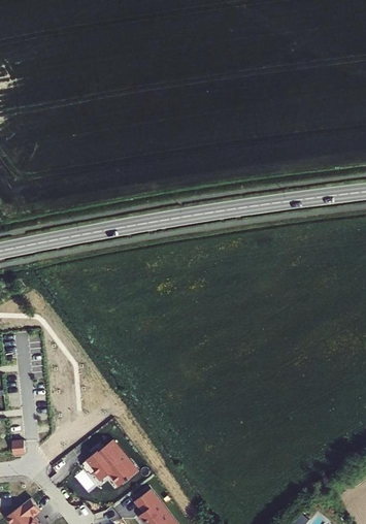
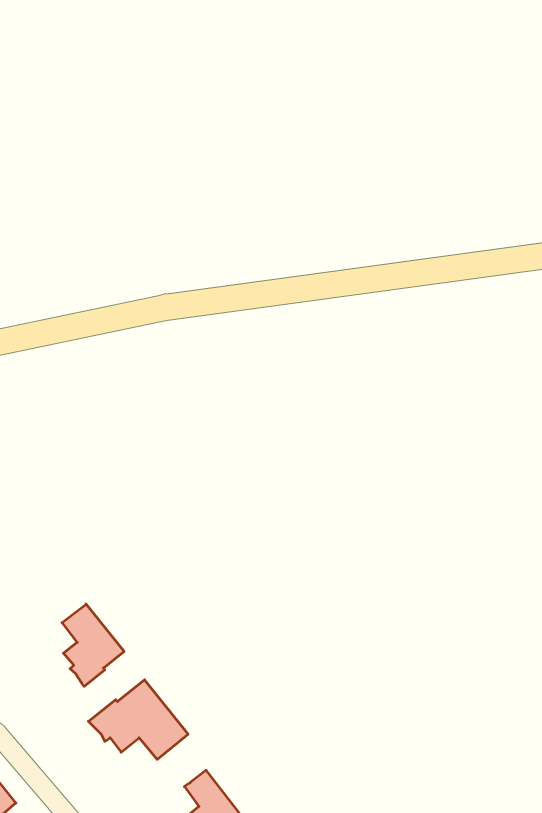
building: none -> [62,604,124,686]

